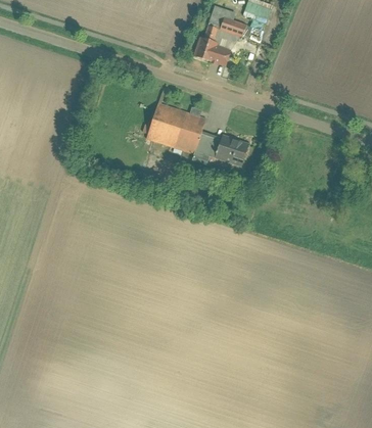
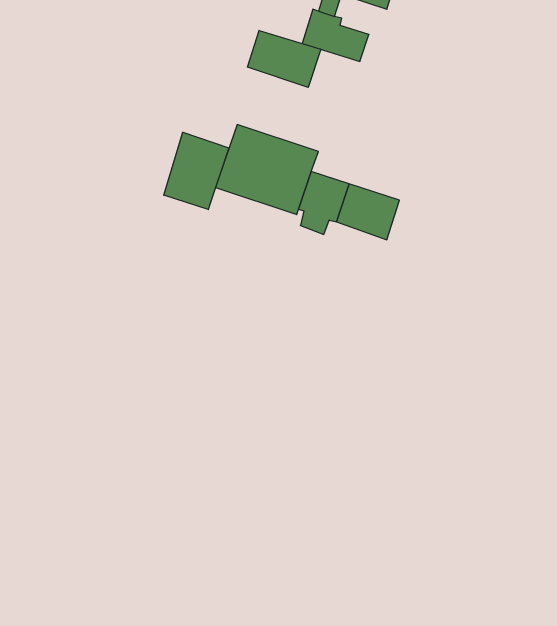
building: none -> [247,30,321,87]
building: none -> [164,132,229,210]

